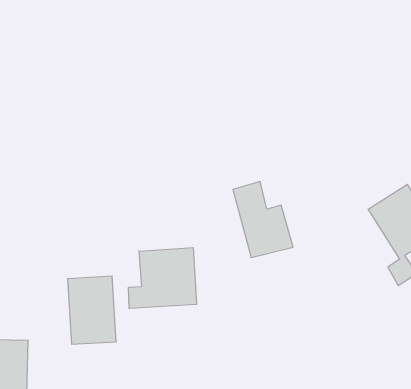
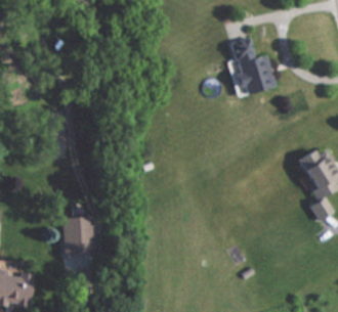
building: [233,182,293,257] -> [227,37,274,96]
building: [128,248,197,309] -> none

